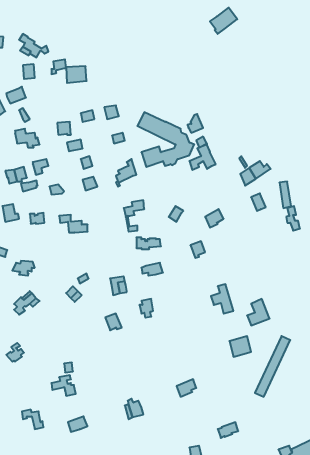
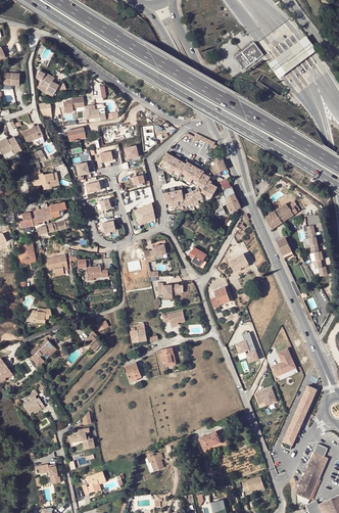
building: none -> [296,445,328,500]

